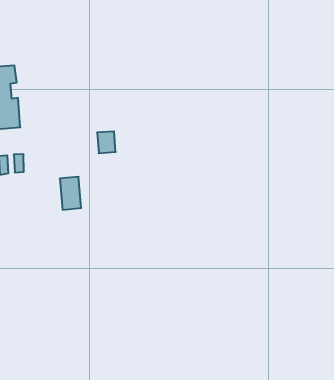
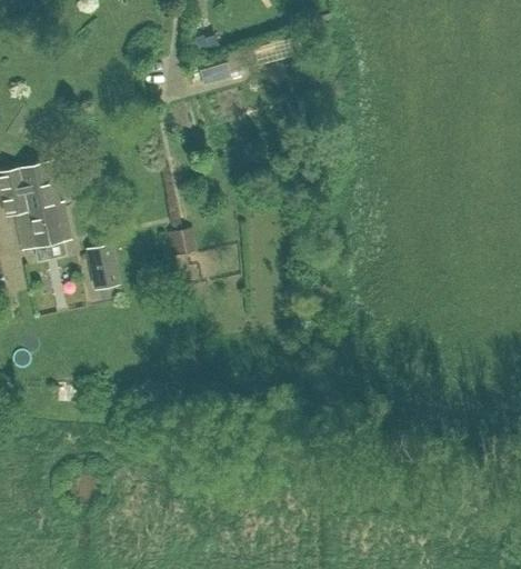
building: [60,177,81,210] -> [86,243,118,288]

